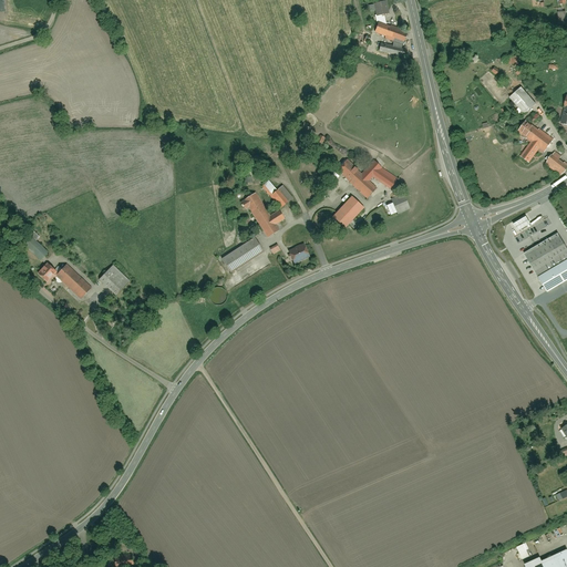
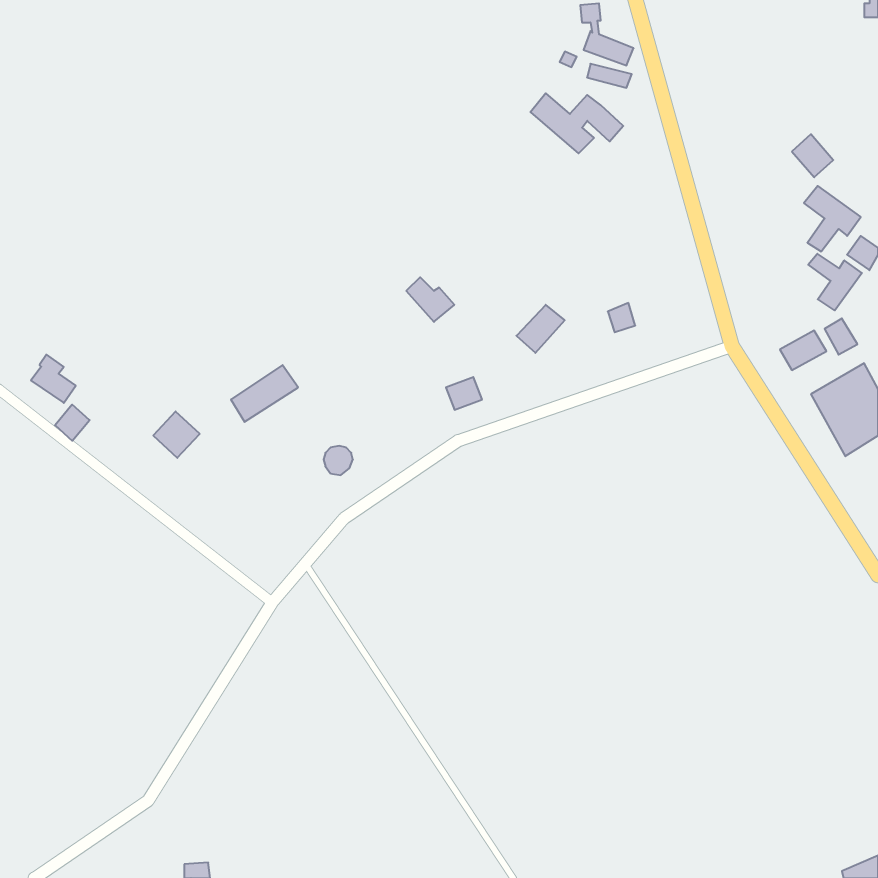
building: [336,158,395,197] -> [530,93,623,153]
building: none -> [808,254,862,310]
building: [240,192,285,236] -> none
building: [220,237,264,274] -> [231,365,298,422]
building: [55,261,93,298] -> none

